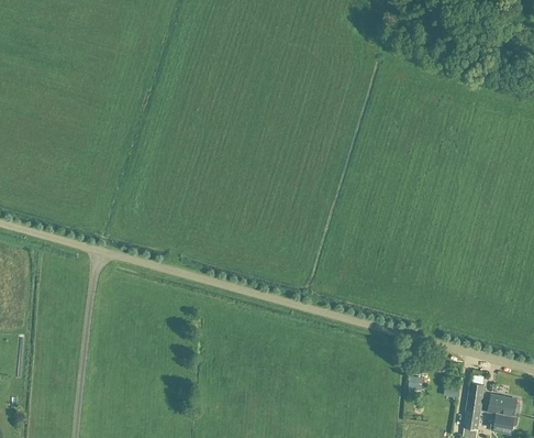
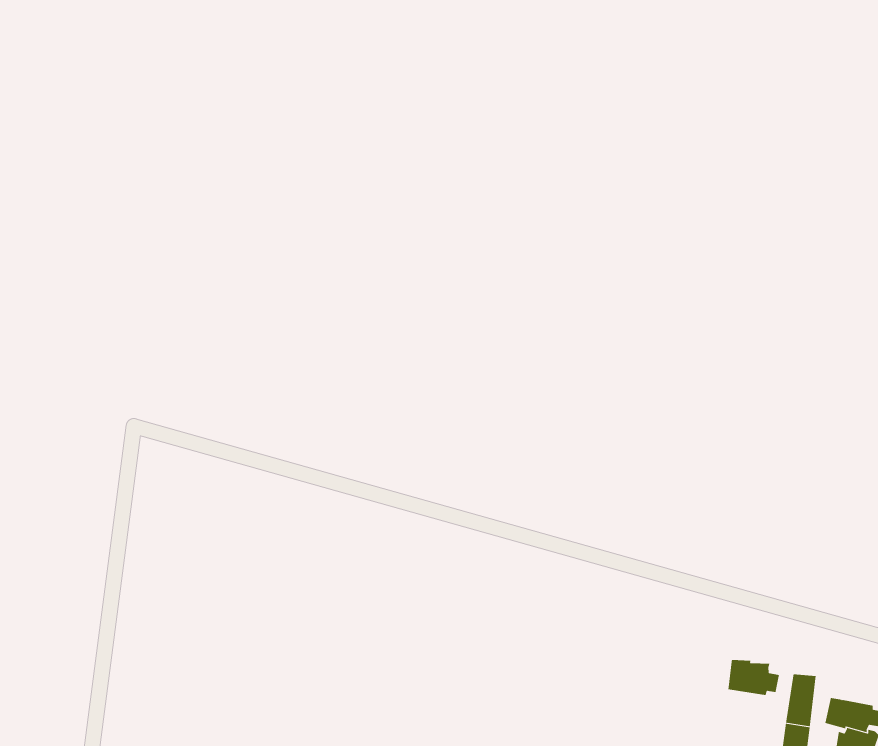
building: none -> [728,659,780,696]

